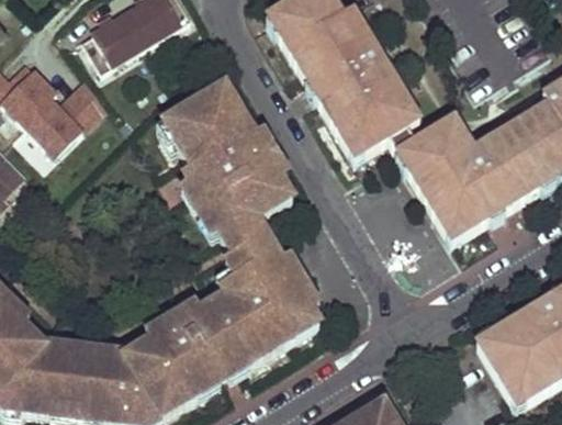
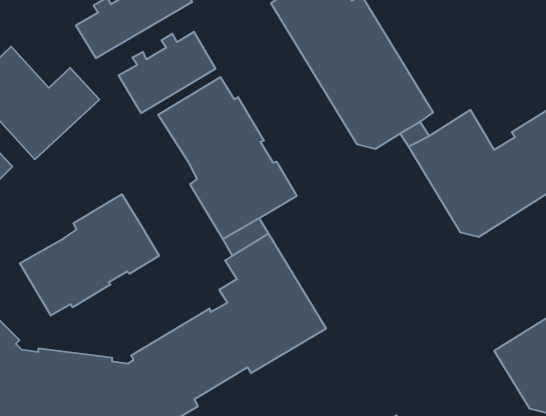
building: none -> [119,32,215,113]
building: none -> [20,194,159,316]

